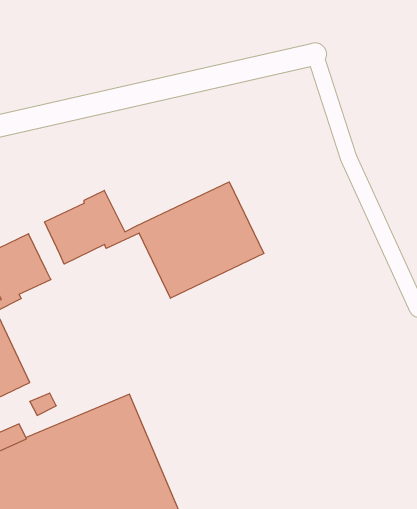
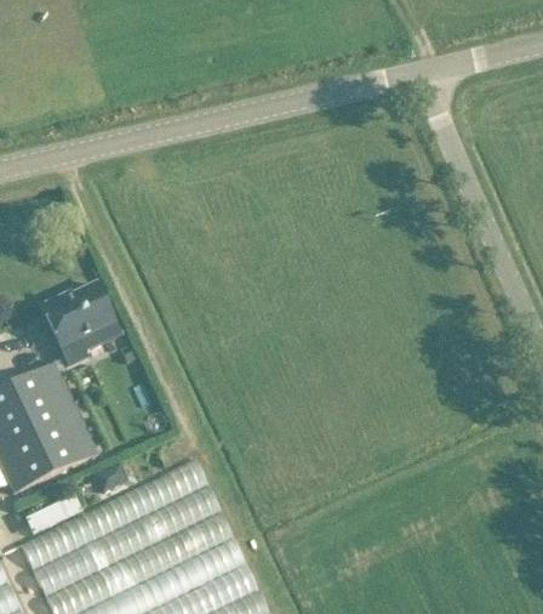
building: [45,182,264,298] -> none

